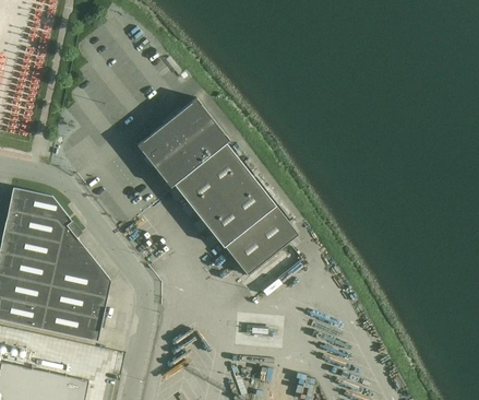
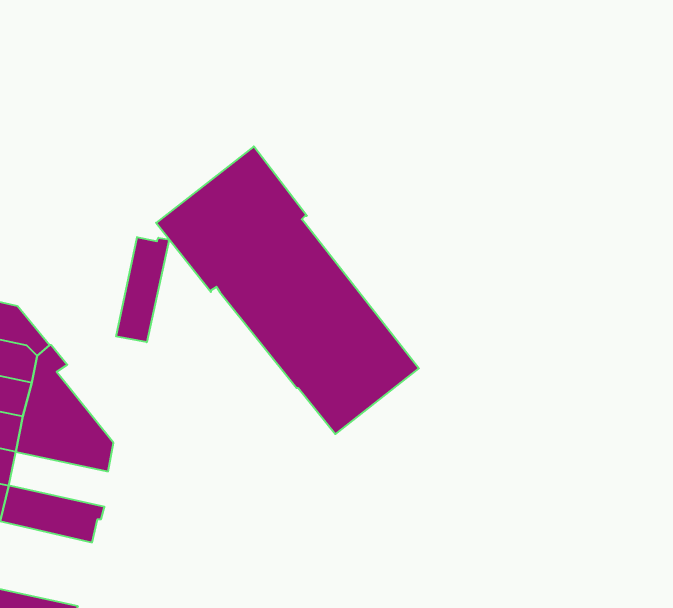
building: none -> [116,237,169,342]
building: [46,286,107,320] -> none

